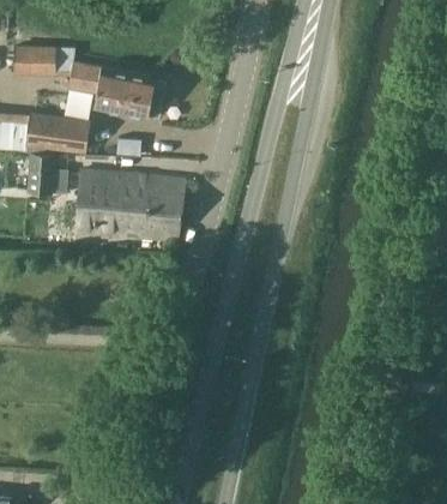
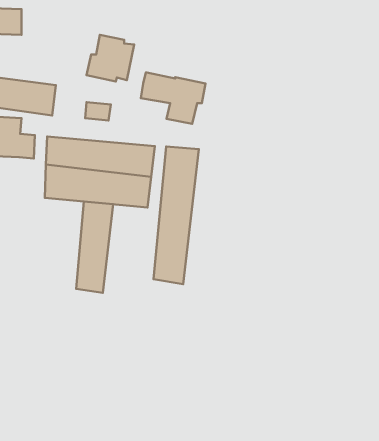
building: [67,61,131,112] -> [141,72,206,124]
building: none -> [154,146,199,284]
building: none -> [76,201,113,293]

